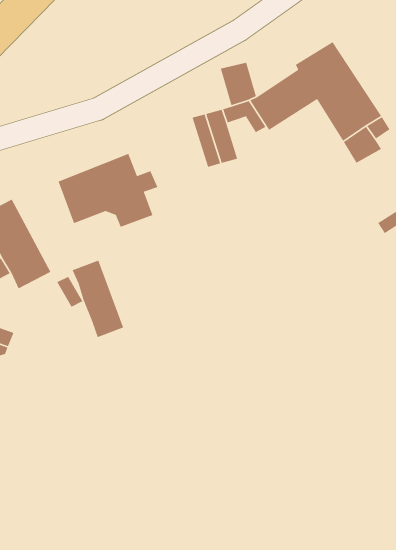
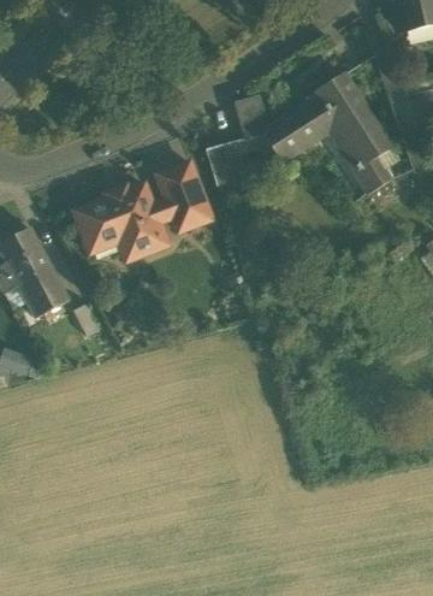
building: none -> [156,160,212,230]
building: [72,259,124,338] -> none

